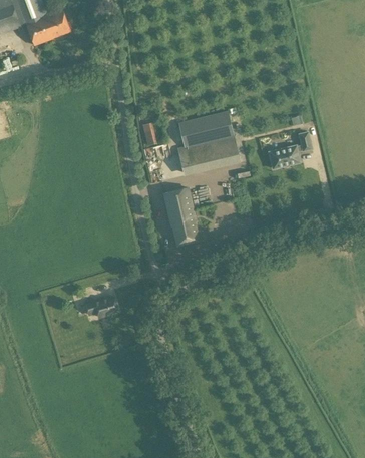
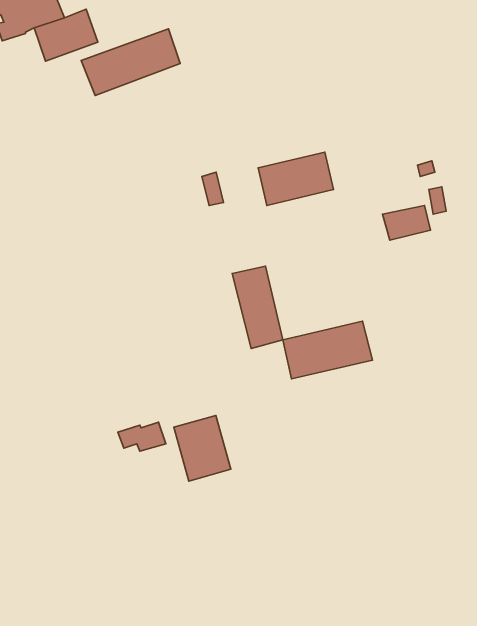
building: none -> [81,29,180,95]
building: [177,133,240,173] -> [283,321,373,379]
building: none -> [174,415,231,481]

